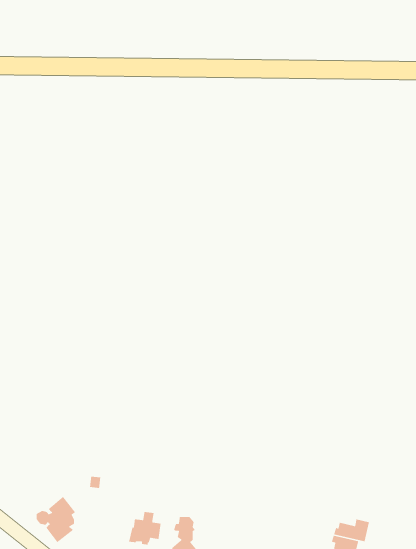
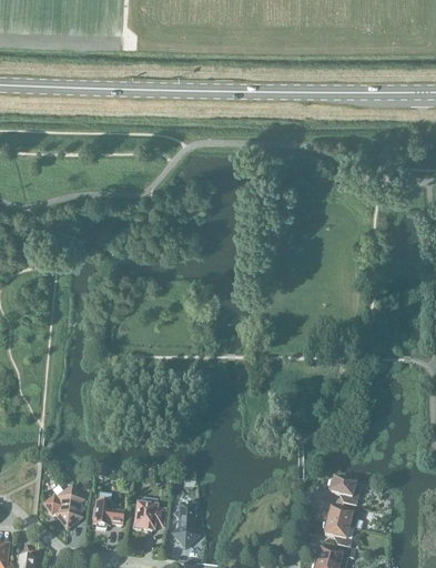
building: none -> [329,475,361,504]
building: none -> [93,499,125,527]

